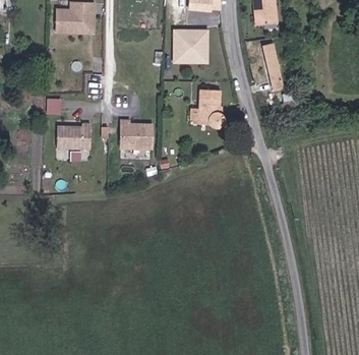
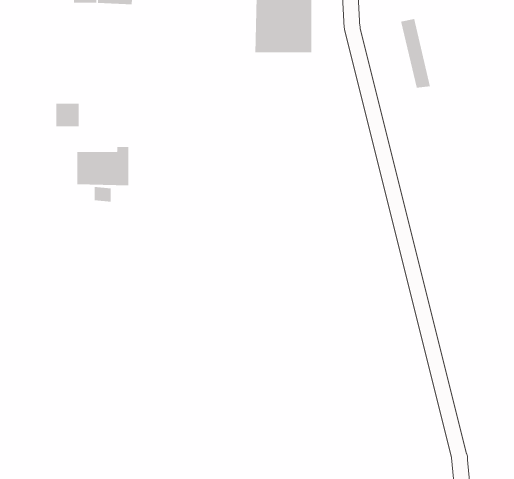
building: [197,92,222,130] -> none
building: [121,118,154,146] -> none

